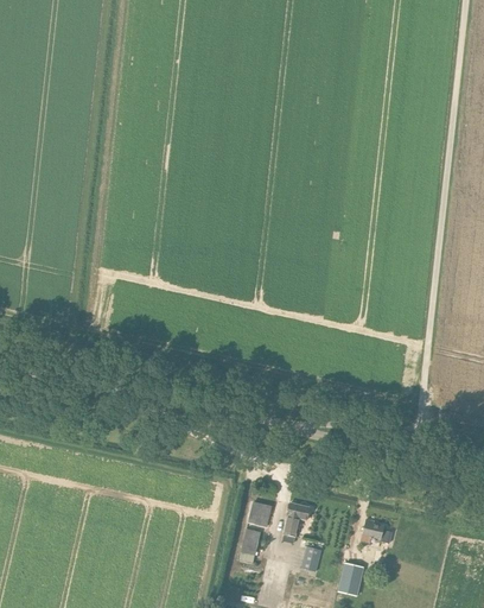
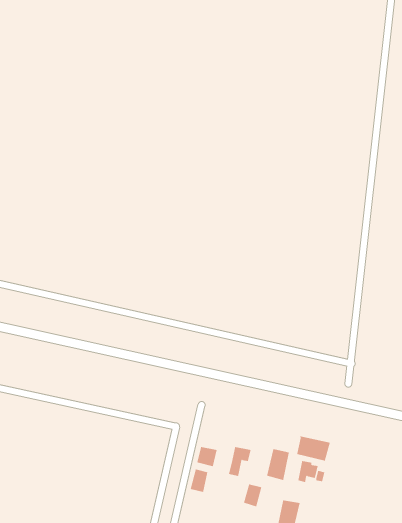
building: none -> [296,436,330,461]
building: none -> [267,448,290,481]

